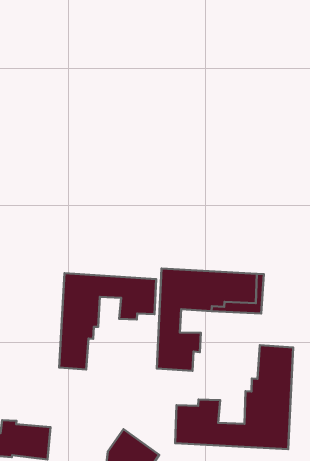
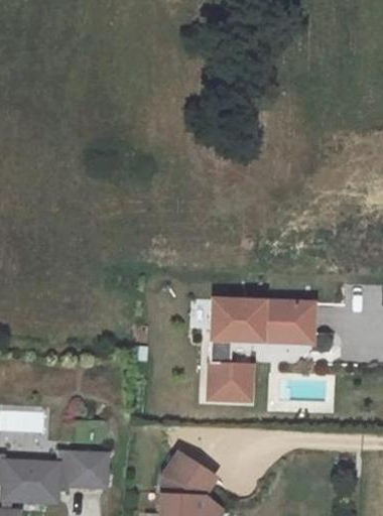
building: [59,273,156,370] -> none
building: [175,345,293,449] -> none

